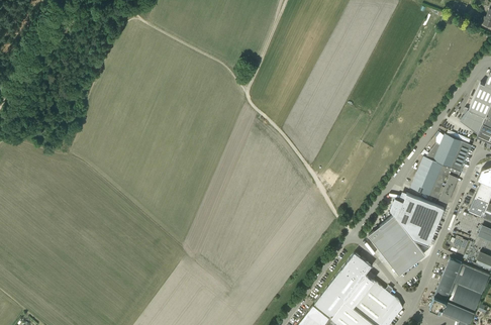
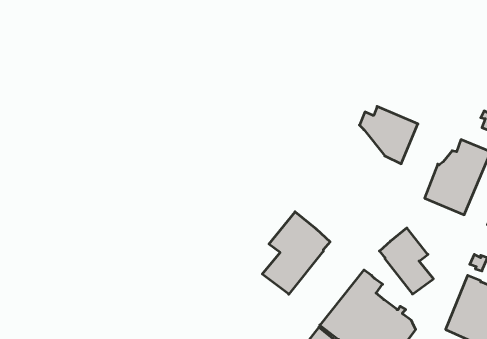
building: [390,194,444,246] -> [359,106,418,164]
building: none -> [262,212,330,294]

